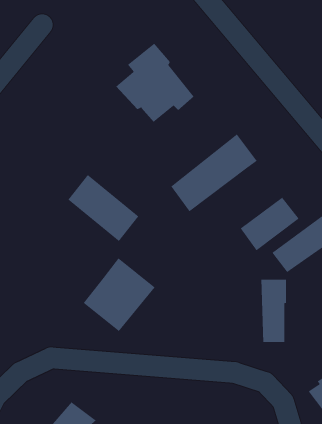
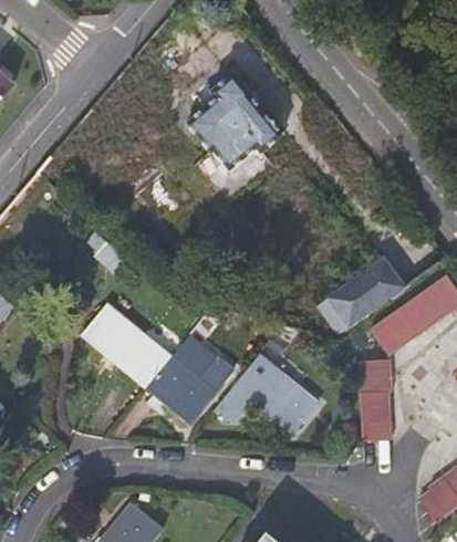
building: [171,134,257,212] -> none
building: [67,174,139,242] -> [81,306,168,389]
building: none -> [211,355,316,434]

